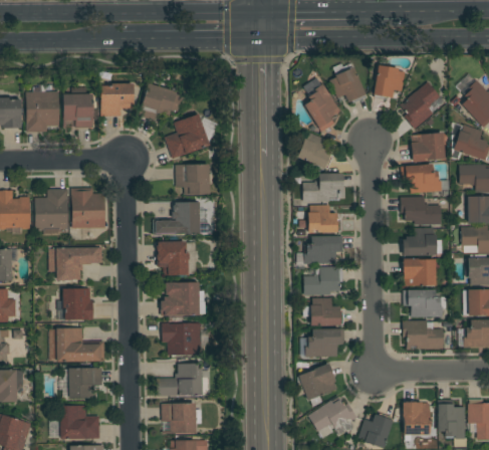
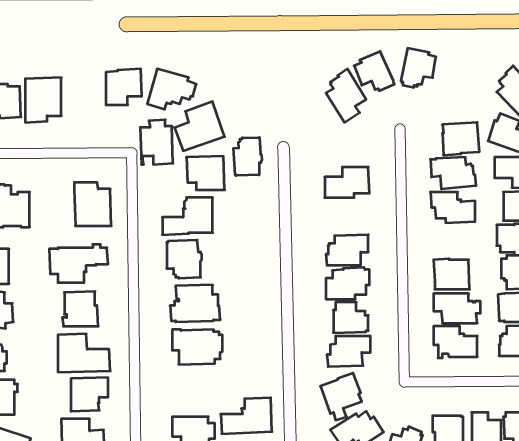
building: [399,82,440,130] -> none
building: [63,87,93,129] -> [140,120,173,164]
building: [297,133,332,169] -> none
building: none -> [234,137,262,176]
building: [35,189,68,230] -> none
building: [307,205,340,233] -> none
building: [403,228,442,256] -> none
building: [156,364,203,397] -> [221,398,272,434]

